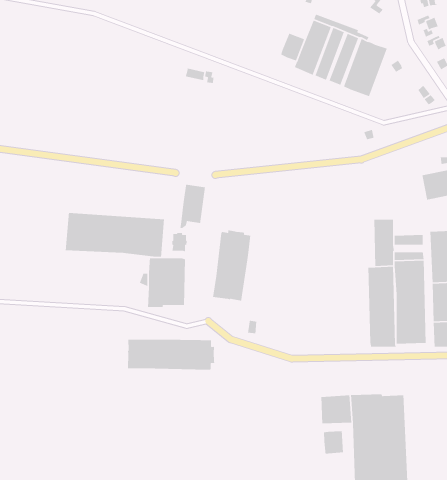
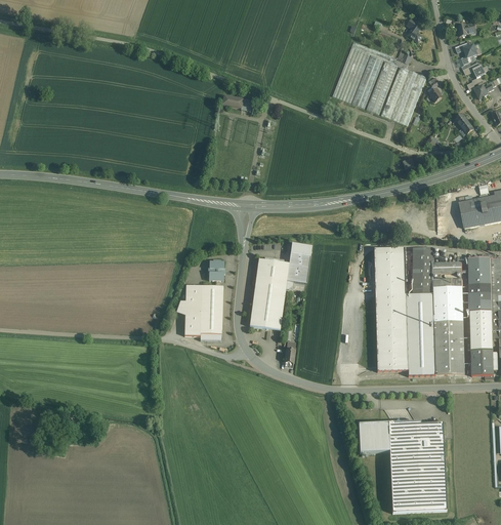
building: [280,32,305,61] -> none
building: [179,184,206,229] -> [286,242,312,287]
building: [65,212,165,258] -> none
building: none -> [374,247,408,371]
building: [127,339,215,371] -> none
building: [323,430,344,455] -> none

